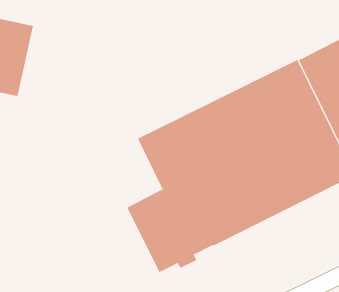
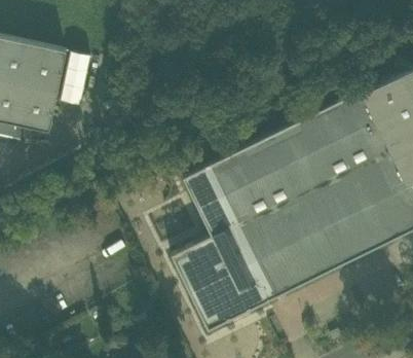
building: none -> [60,51,91,106]

